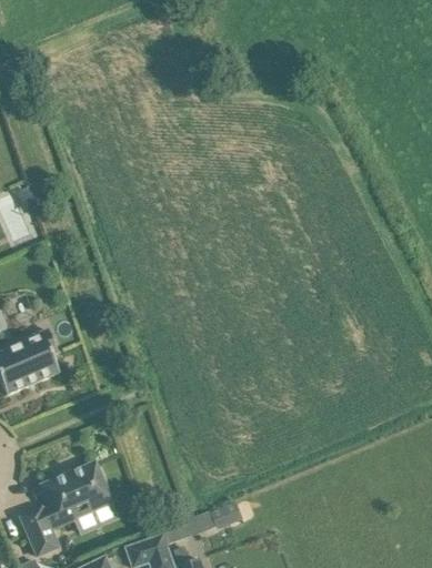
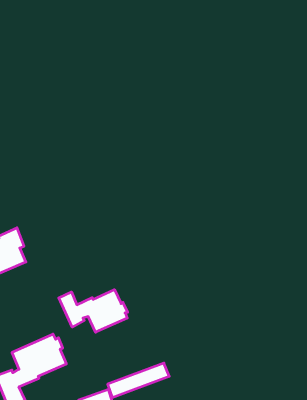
building: none -> [59,290,128,332]

